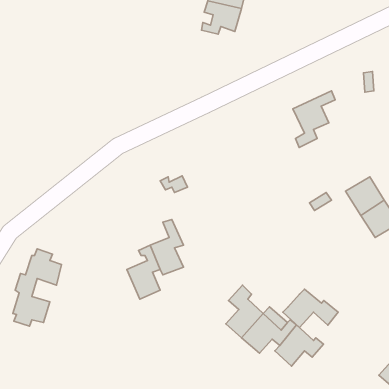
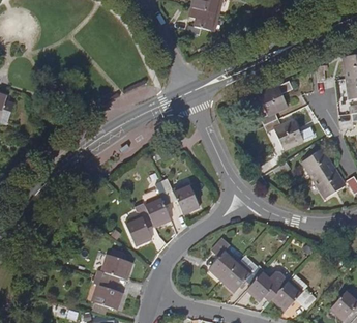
building: none -> [265,118,316,149]
building: none -> [162,180,200,215]
building: [13,249,62,326] -> [93,251,132,313]
building: [283,289,338,328] -> [271,280,316,311]

